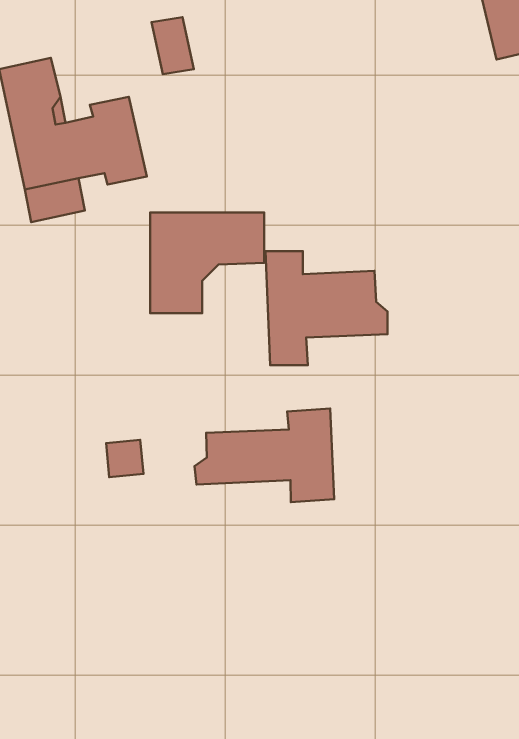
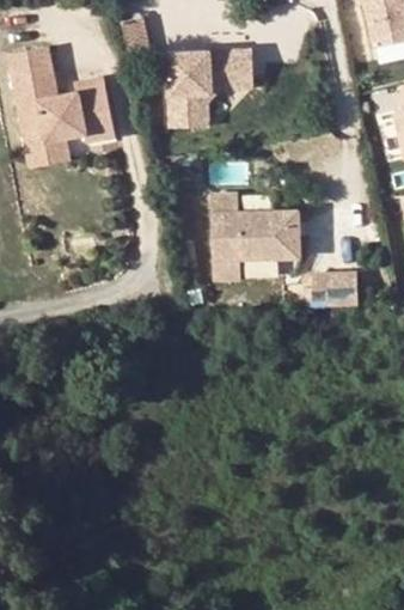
building: [150,213,264,313] -> [166,48,250,122]
building: none -> [317,275,362,306]
building: [195,408,334,502] -> none

